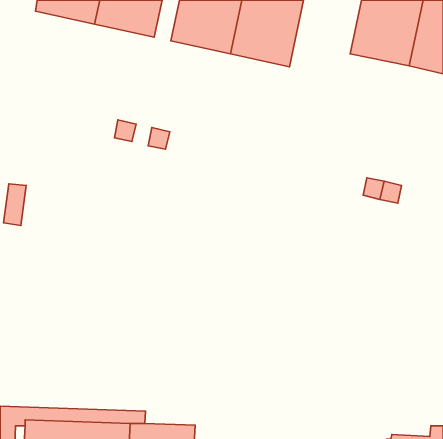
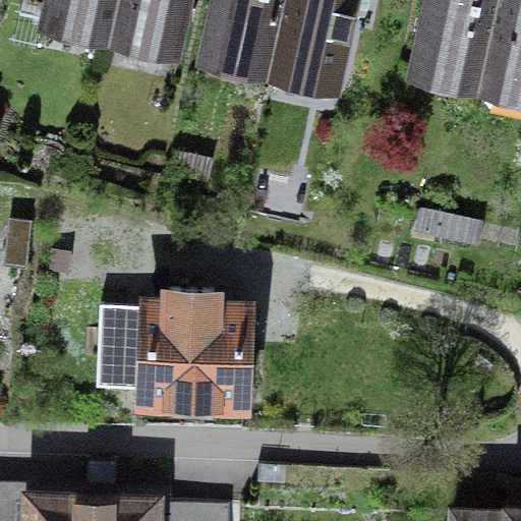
building: none -> [96,290,245,412]

